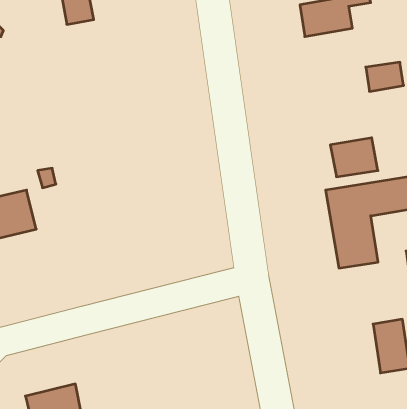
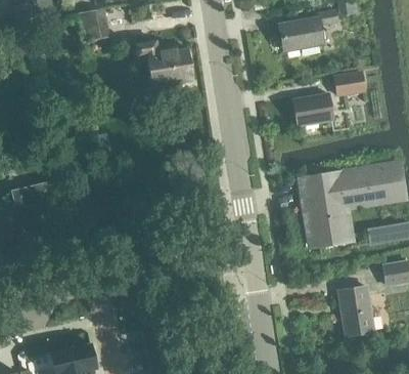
building: none -> [135,40,193,91]
building: [330,138,378,177] -> [292,92,332,125]

